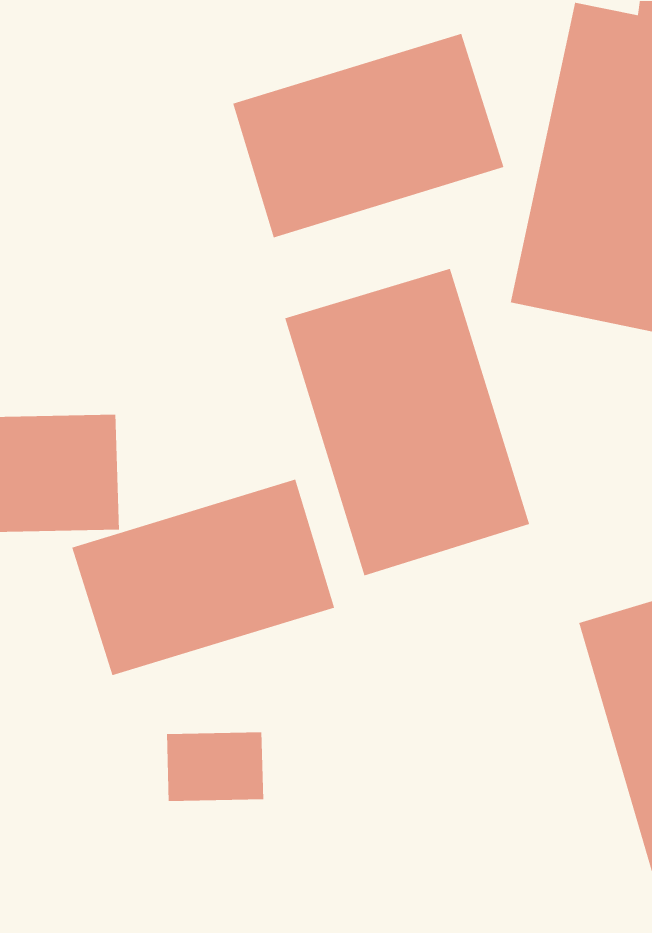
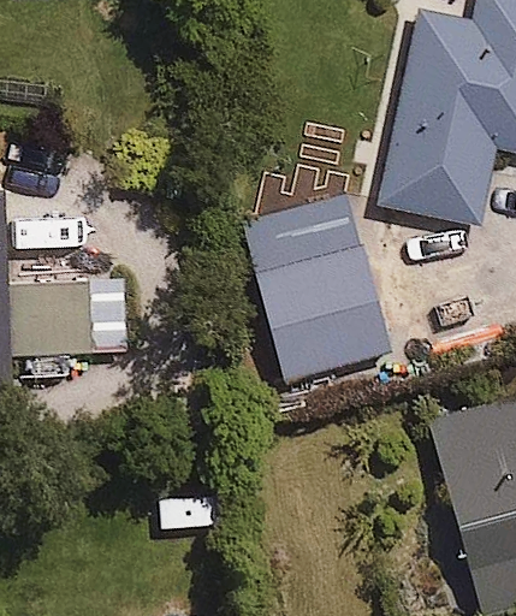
building: [232,33,504,238] -> none
building: [71,478,335,676] -> none

